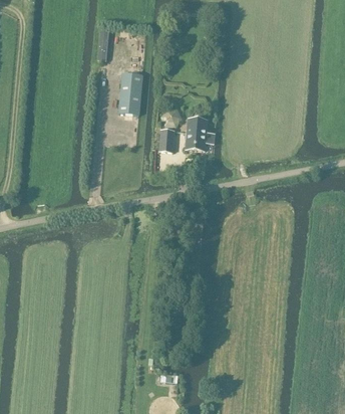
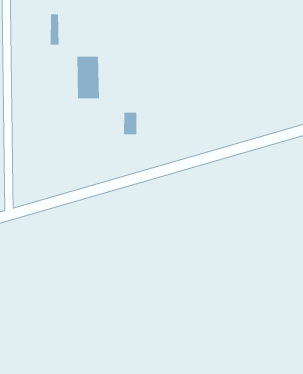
building: [186,118,214,150] -> none

